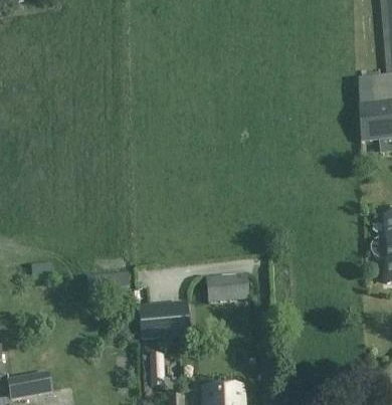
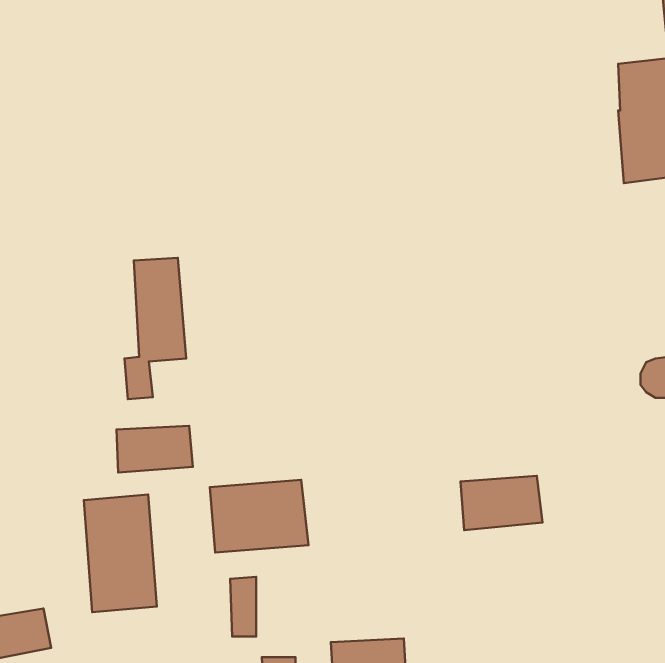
building: none -> [125,258,186,399]
building: [205,271,249,300] -> [460,476,542,530]
building: none -> [84,494,157,612]

